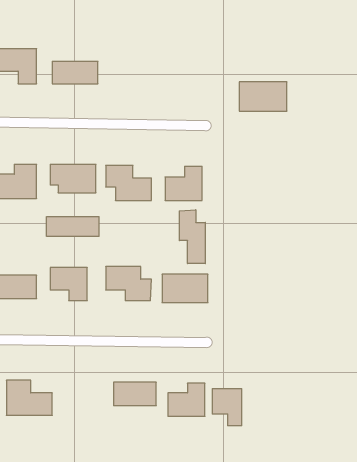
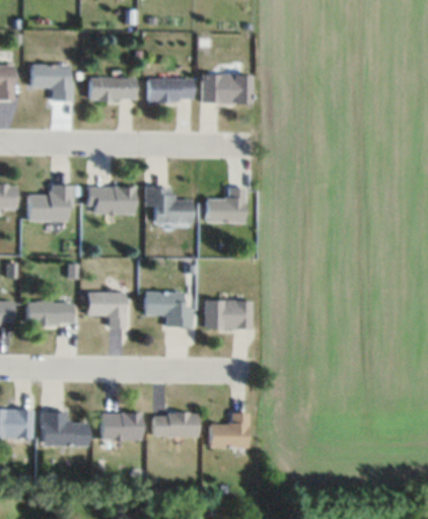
building: none -> [148,78,195,102]
building: [239,82,287,111] -> [202,74,252,104]
building: [179,210,205,264] -> none
building: [47,217,99,236] -> none
building: none -> [101,413,142,441]
building: [212,389,242,426] -> none

